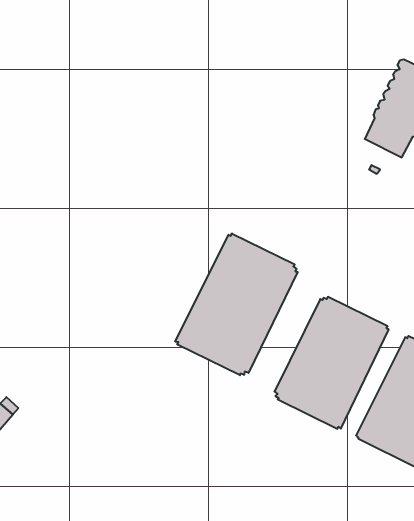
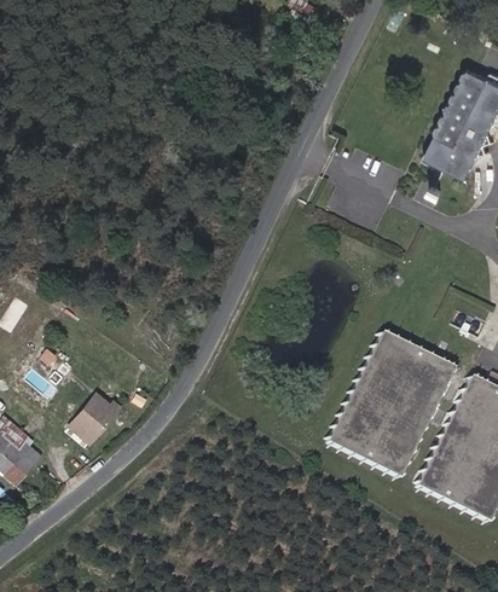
building: [175,233,298,375] -> none
building: none -> [73,391,120,441]

